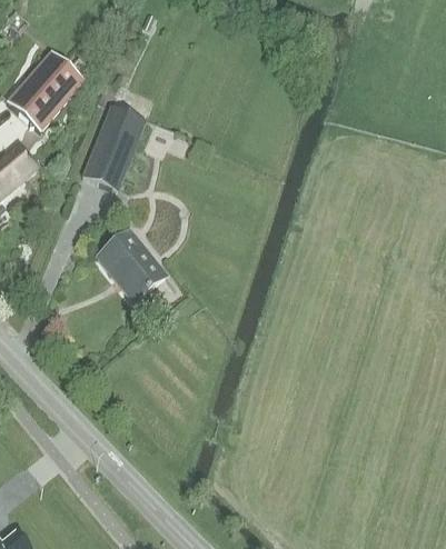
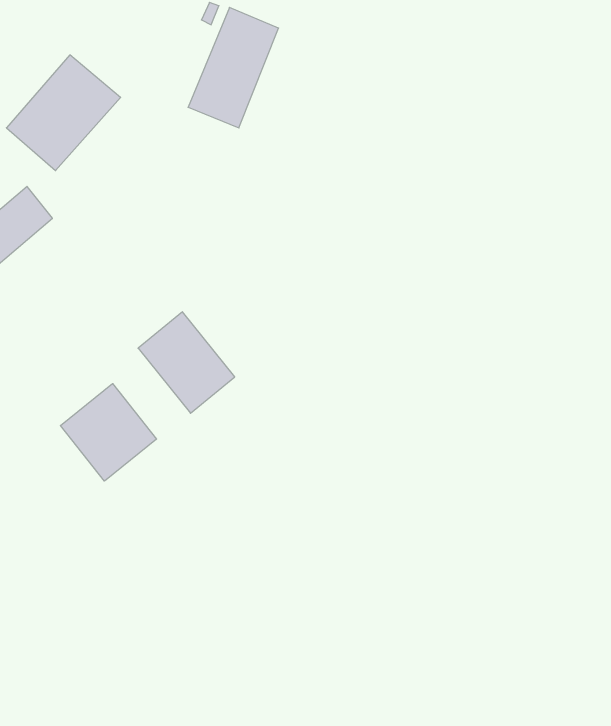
building: [82,107,146,191] -> [188,7,279,128]
building: none -> [60,384,157,481]

